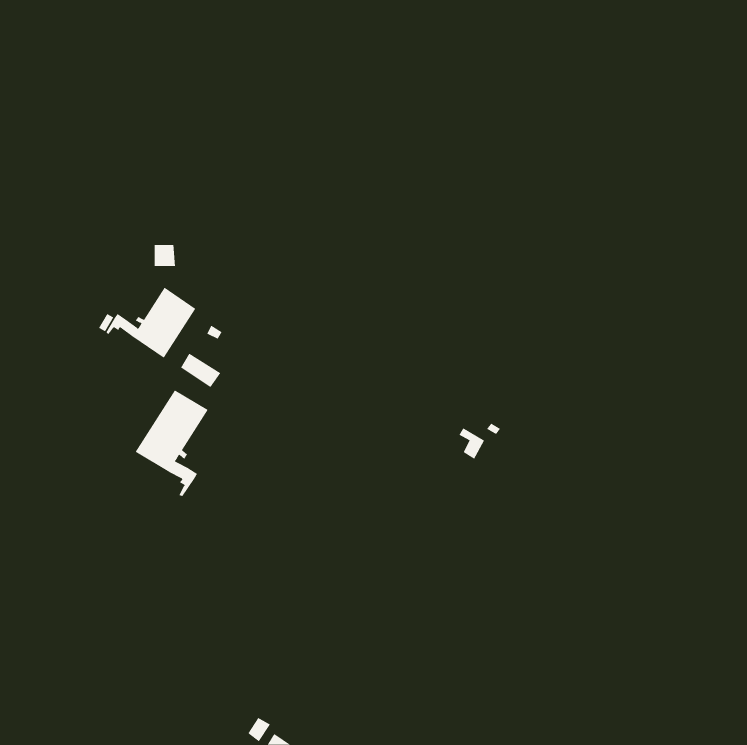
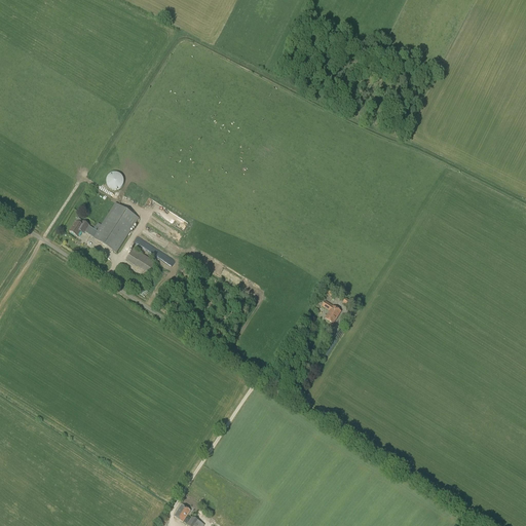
building: [135,390,209,497] -> none

